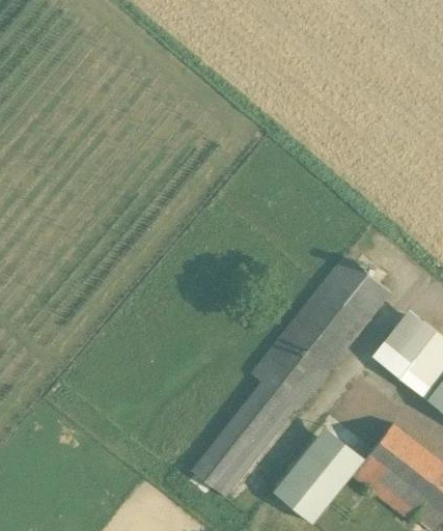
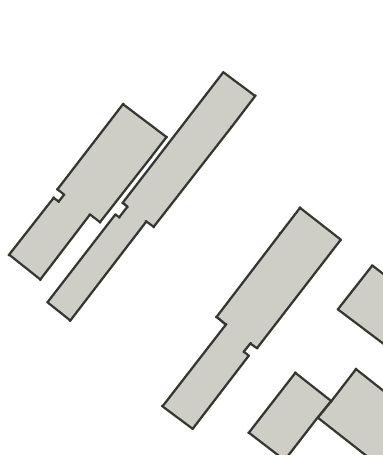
building: none -> [48,72,255,321]
building: none -> [9,104,167,280]

